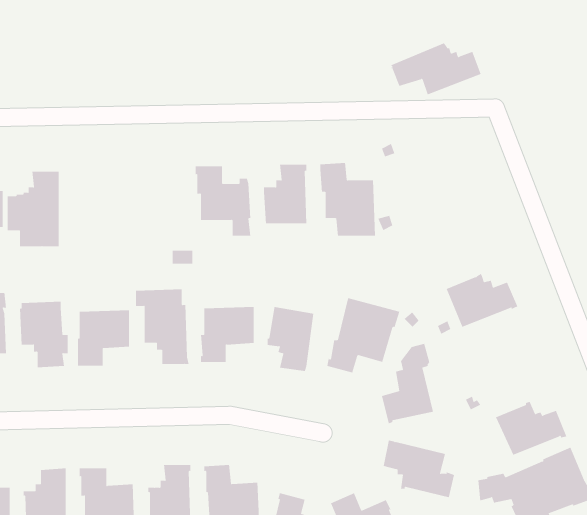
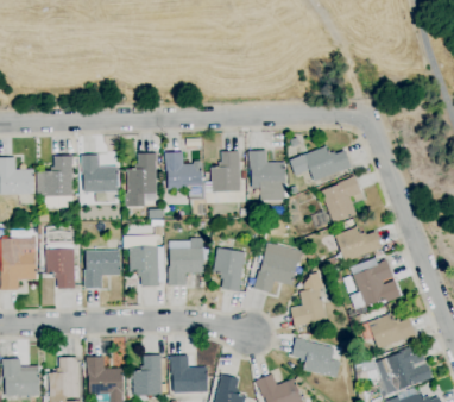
building: [390,42,481,95] -> [289,145,351,181]
building: none -> [126,153,157,206]
building: none -> [81,155,119,191]
building: none -> [321,175,361,222]
building: none -> [353,259,402,307]

